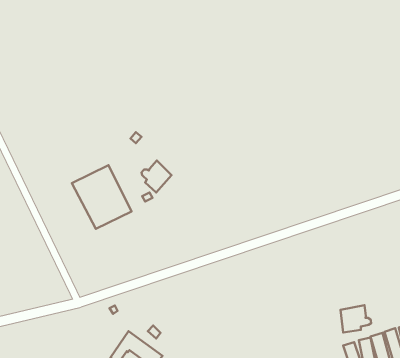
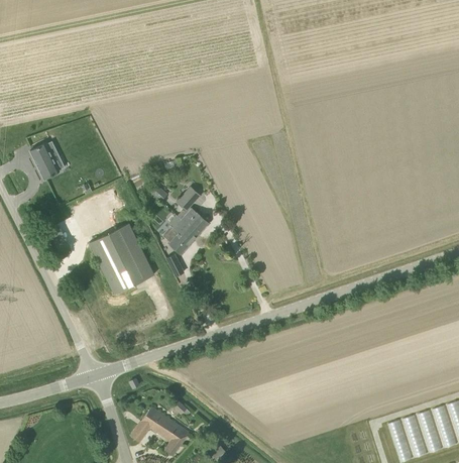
building: none -> [30,140,61,179]
building: none -> [179,186,209,234]
building: [340,305,371,333] -> none

